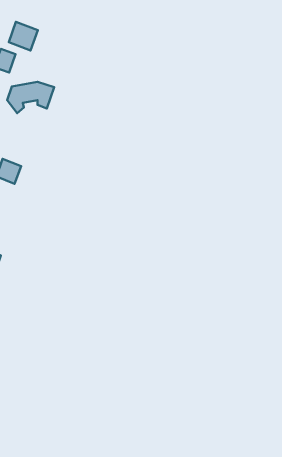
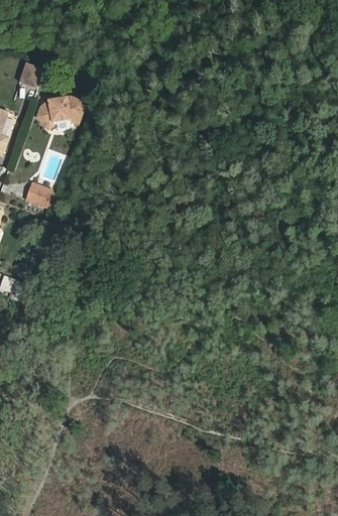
building: [9,22,38,51] -> none

